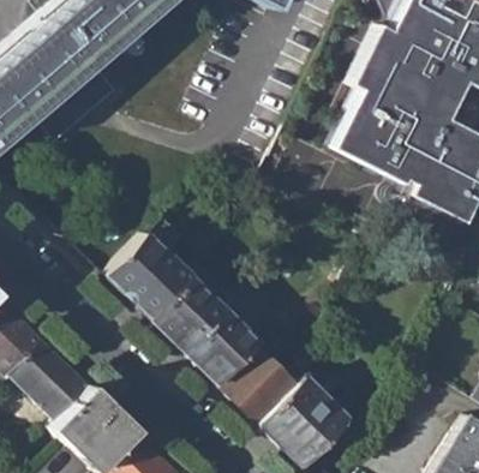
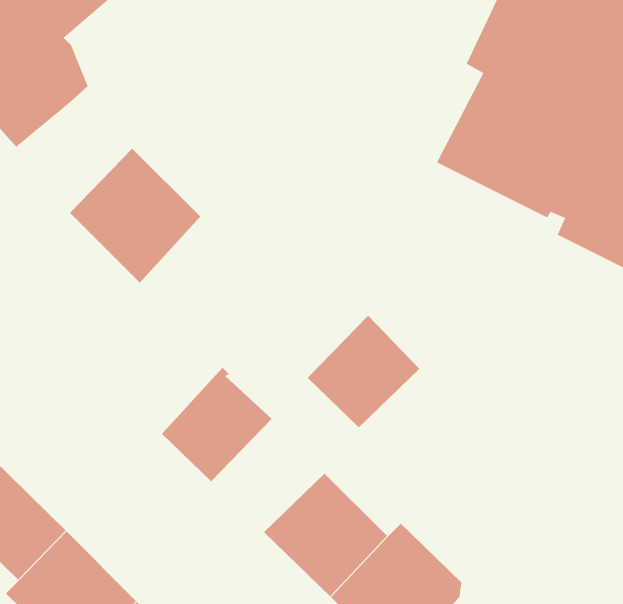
building: [106,233,191,321] -> [69,148,201,283]
building: [184,311,257,384] -> [307,315,420,428]

